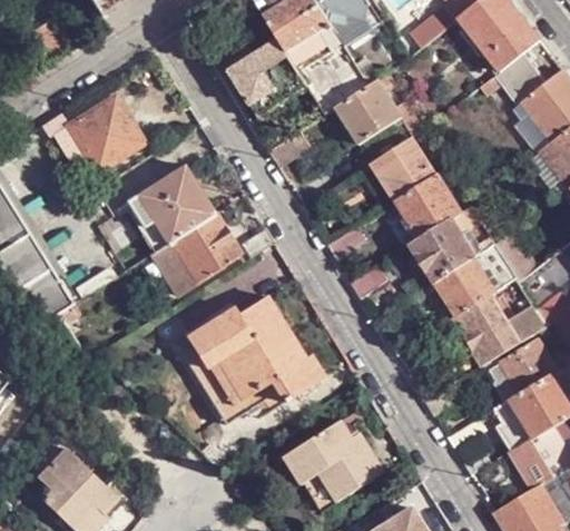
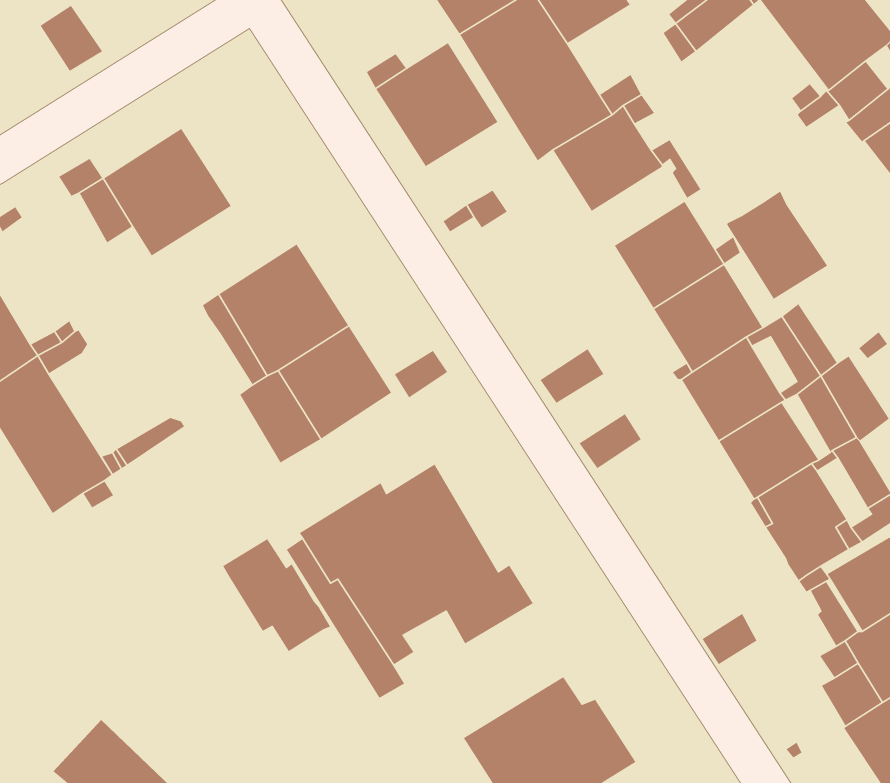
building: none -> [726,190,828,300]
building: none -> [222,538,331,652]

